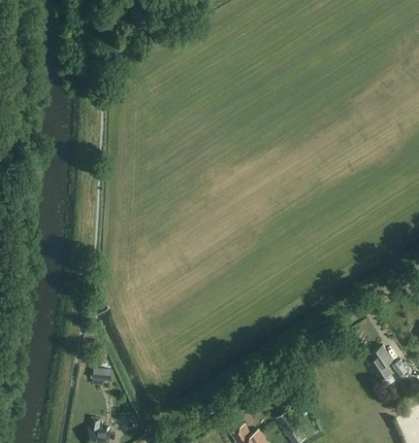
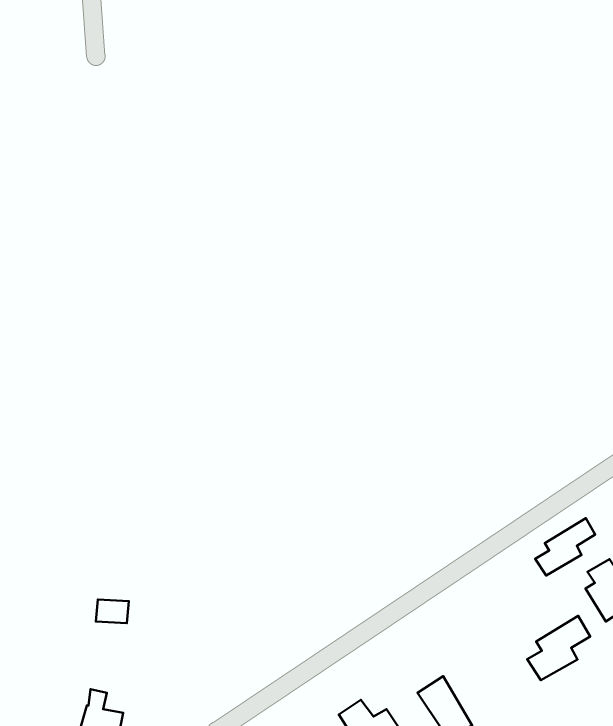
building: none -> [535,518,595,576]
building: none -> [527,616,590,680]

